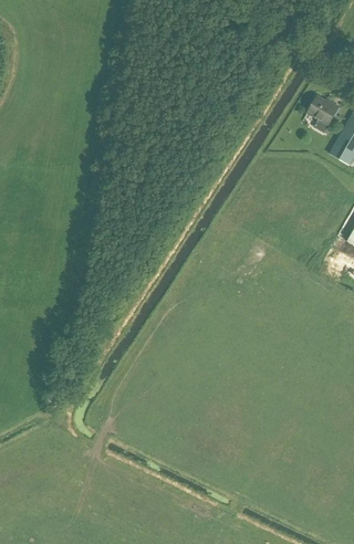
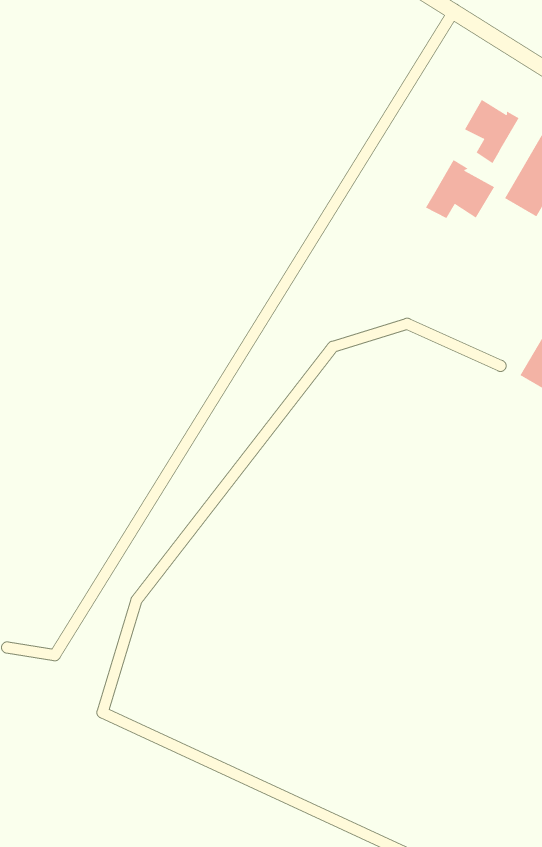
building: none -> [425,159,495,219]

